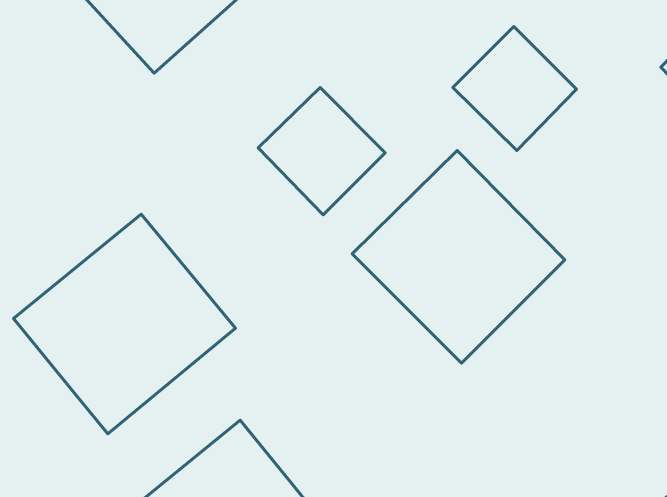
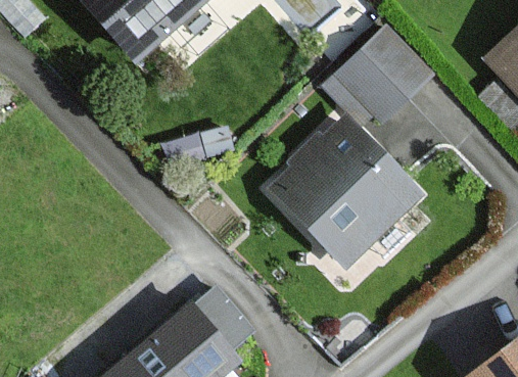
building: [258,87,385,215] -> none
building: [14,214,236,434] -> none

